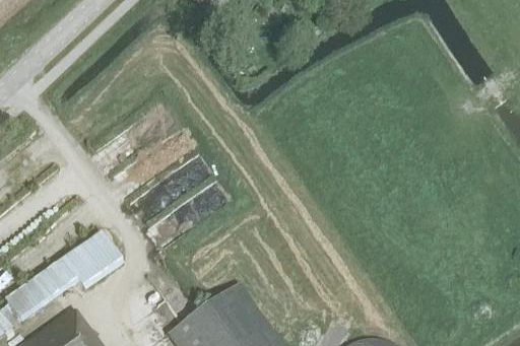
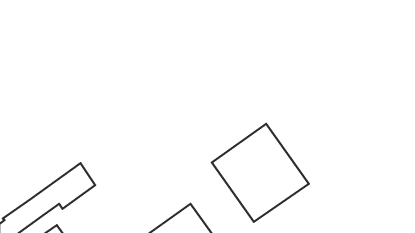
building: none -> [212,124,309,222]

